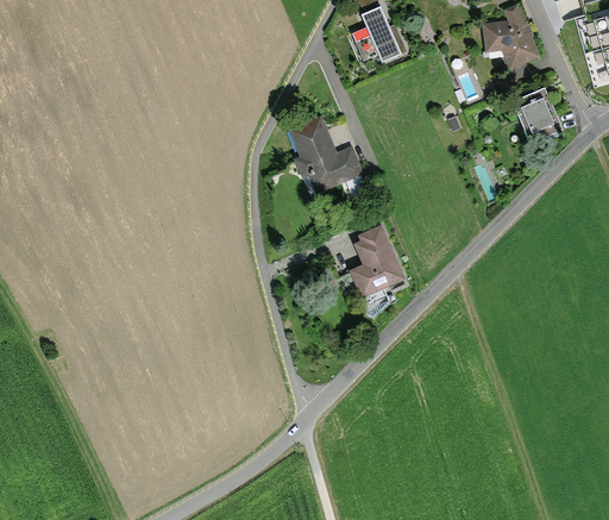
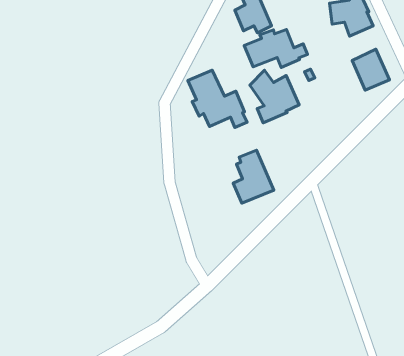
building: none -> [244,29,308,68]
building: none -> [250,70,299,123]

